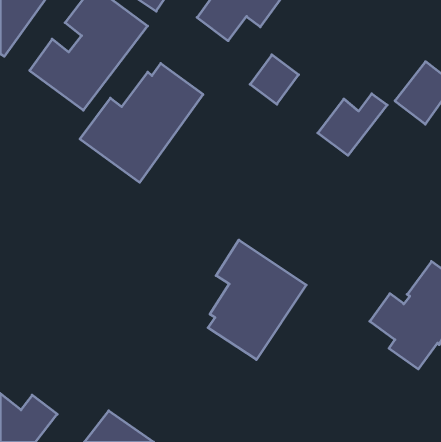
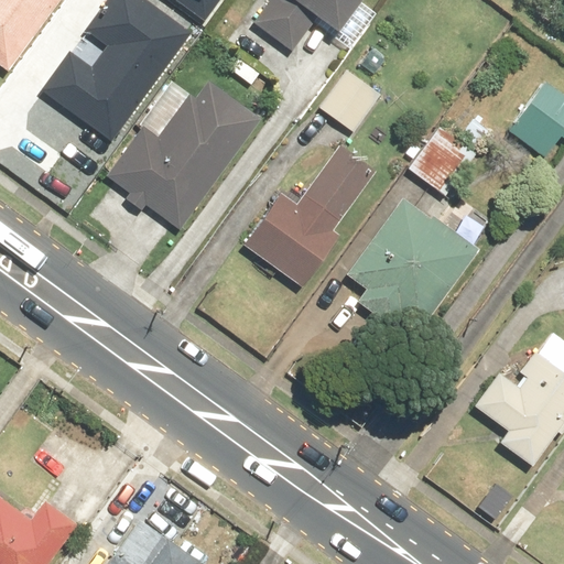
building: none -> [241,143,377,285]
building: none -> [345,196,490,345]
building: [208,240,306,360] -> none

